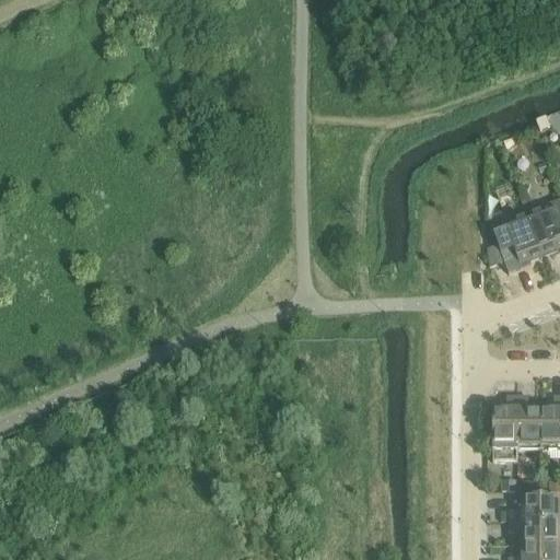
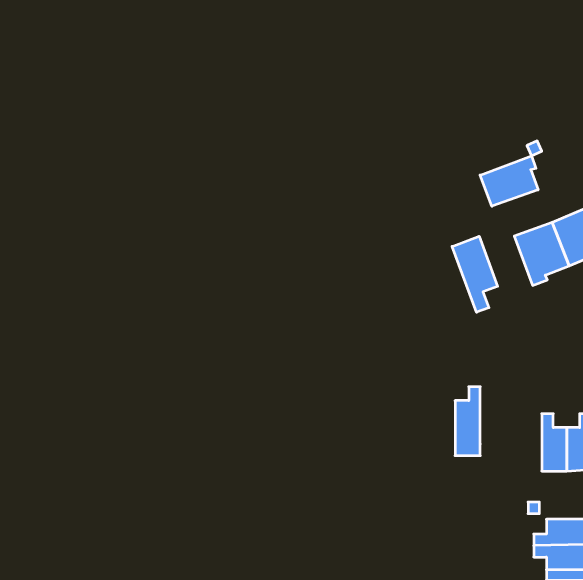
building: none -> [480,156,538,206]
building: none -> [452,236,498,312]
building: [495,395,520,460] -> [455,387,480,456]

